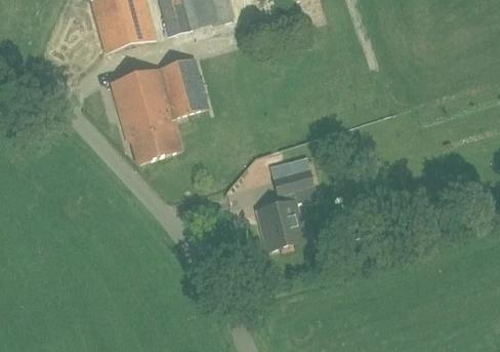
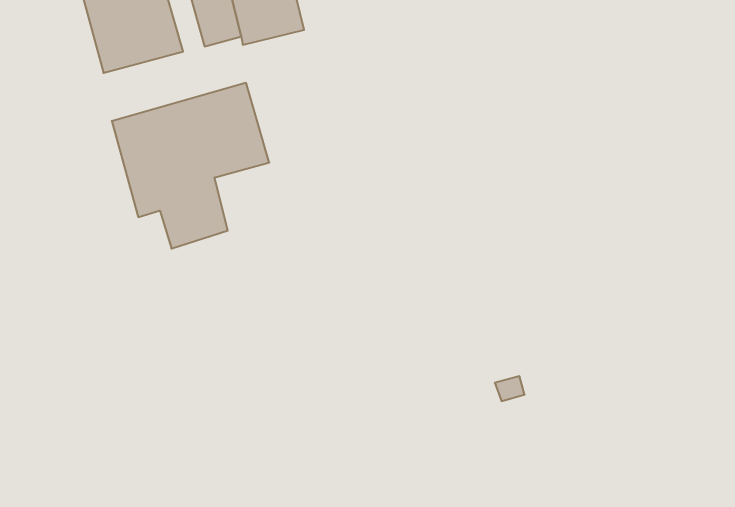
building: [272,155,314,195] -> none
building: [256,199,304,249] -> none

